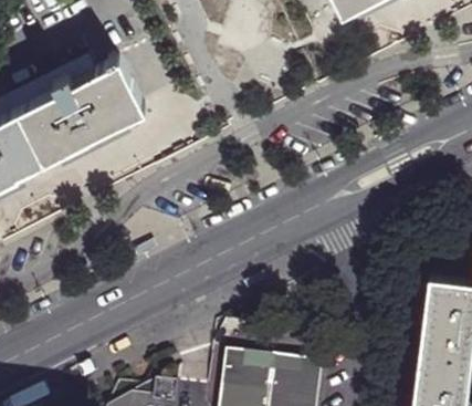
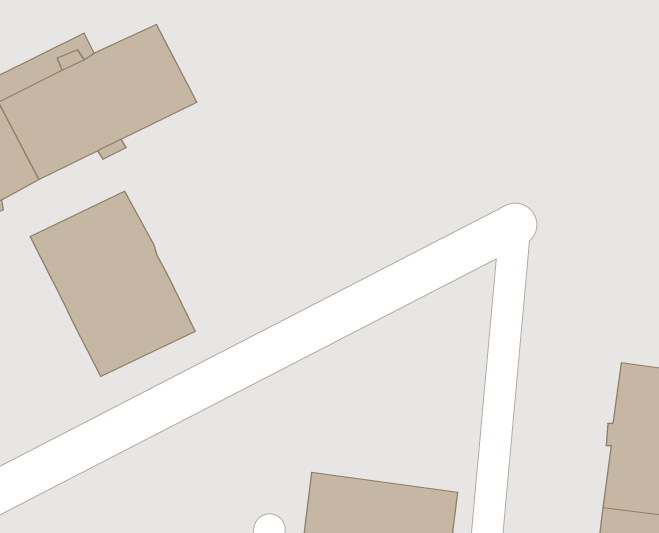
building: none -> [30,191,195,376]

